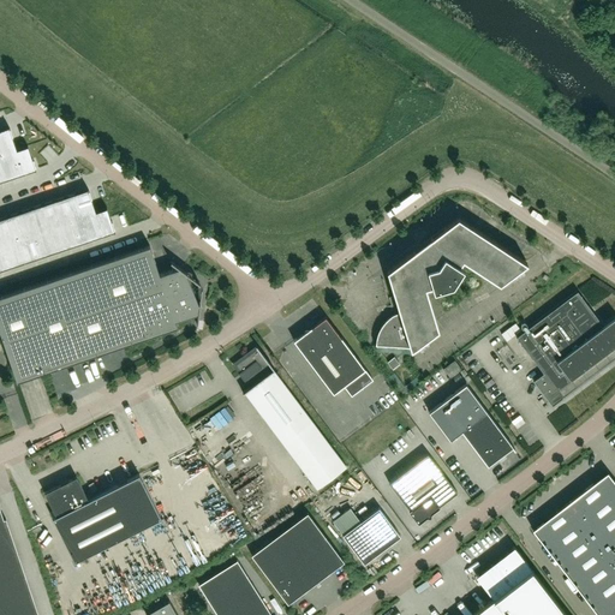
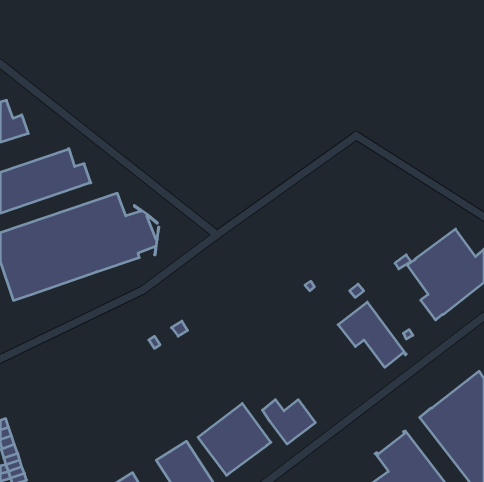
building: [376,220,527,352] -> none
building: [293,320,372,398] -> none
building: [235,347,346,491] -> none
building: [393,460,459,529] -> none
building: [44,477,161,563] -> none

